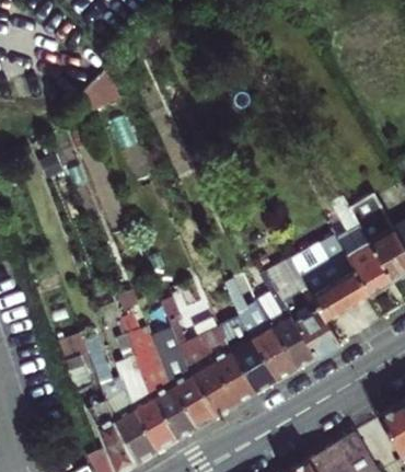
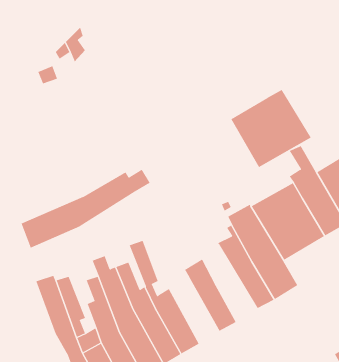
building: none -> [231,89,312,168]
building: none -> [21,169,151,248]
building: [222,279,294,384] -> none
building: [200,336,254,407] -> none

